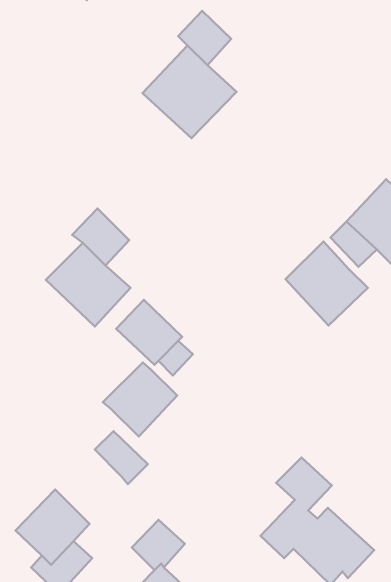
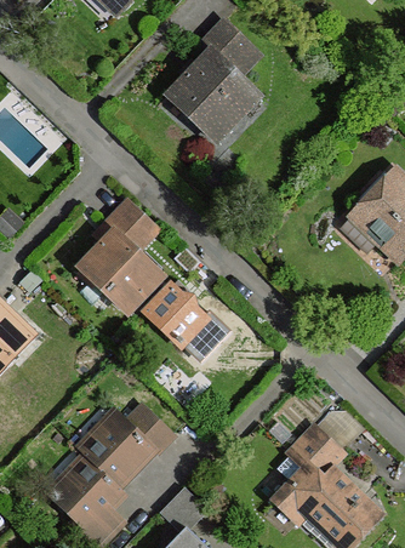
building: [285,242,368,325] -> none
building: [103,362,177,437] -> [80,416,148,484]

